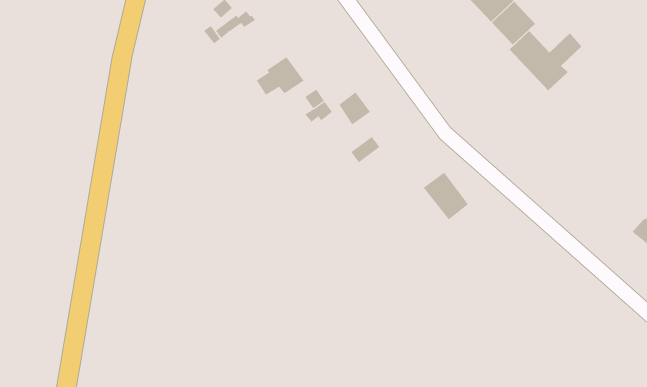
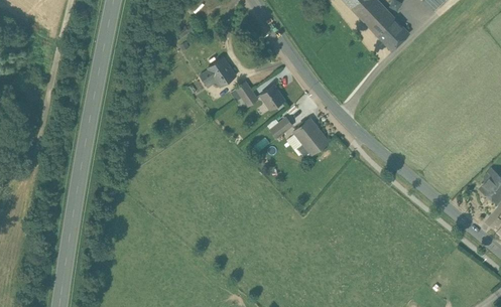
building: [509,30,582,91] -> none
building: [423,172,469,220] -> [293,119,328,155]

